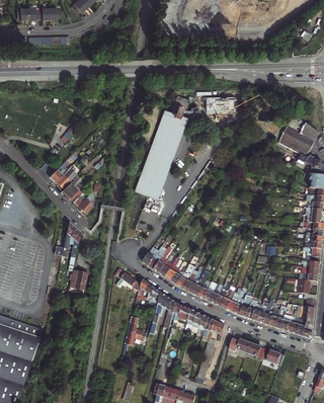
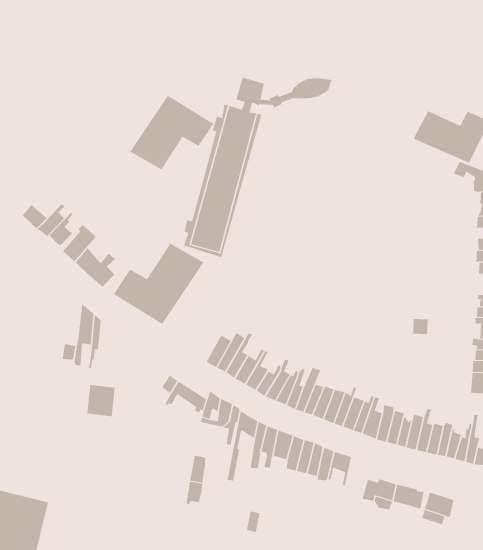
building: none -> [129,95,214,170]
building: none -> [113,243,204,325]

